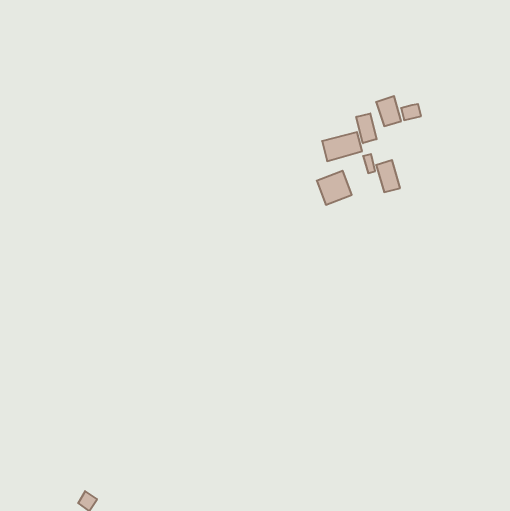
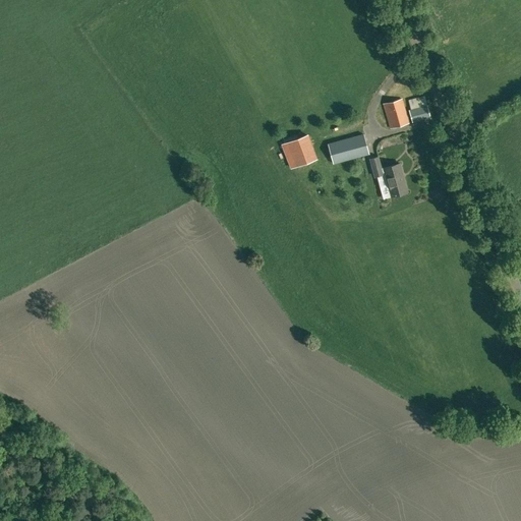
building: [356,113,377,143] -> none
building: [317,171,352,205] -> [281,134,316,169]

